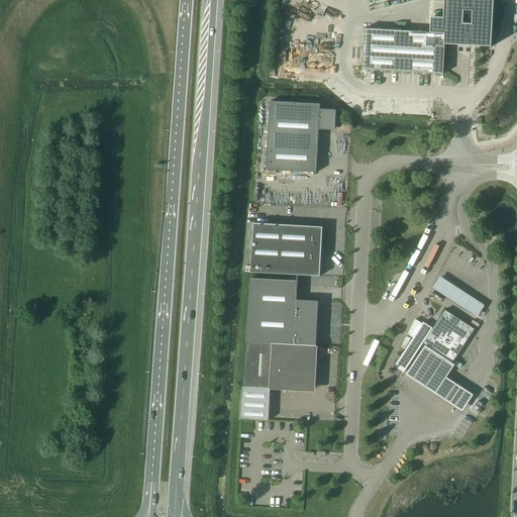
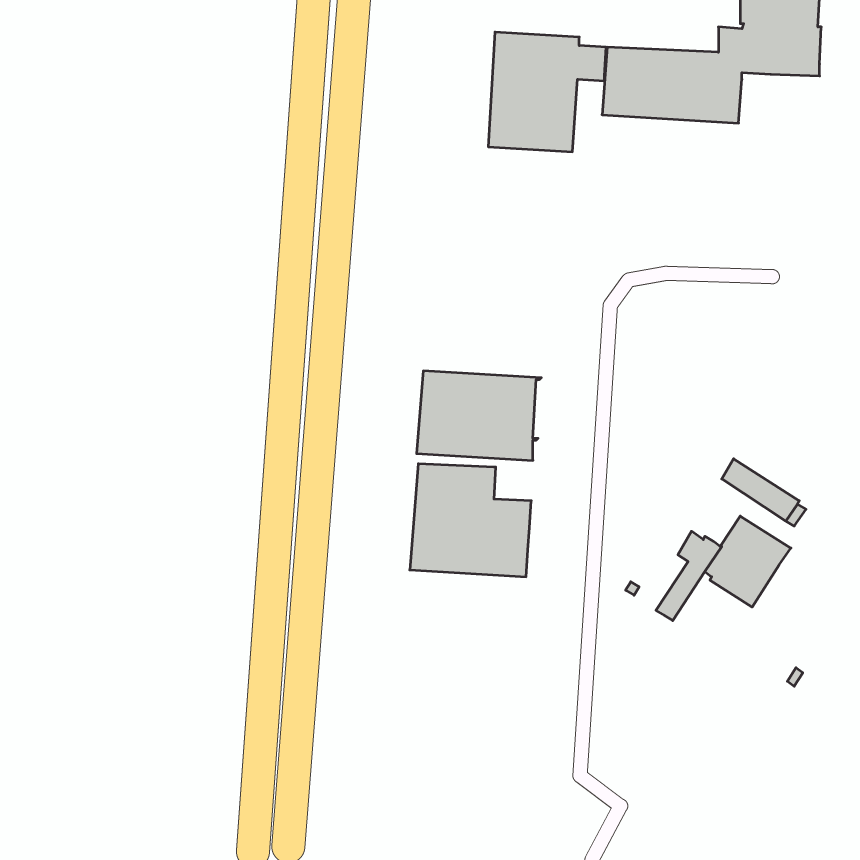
building: [265,100,335,172] -> [488,32,606,152]
building: [239,341,317,419] -> none
building: [407,347,475,413] -> none

